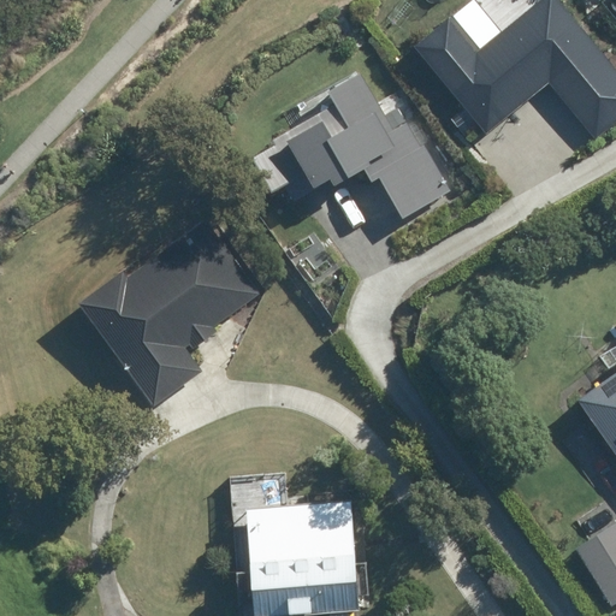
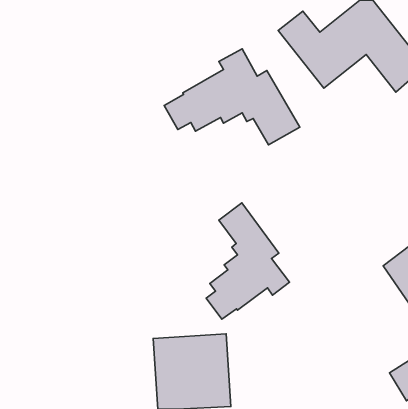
building: [71,227,257,411] -> none
building: none -> [206,203,289,319]

